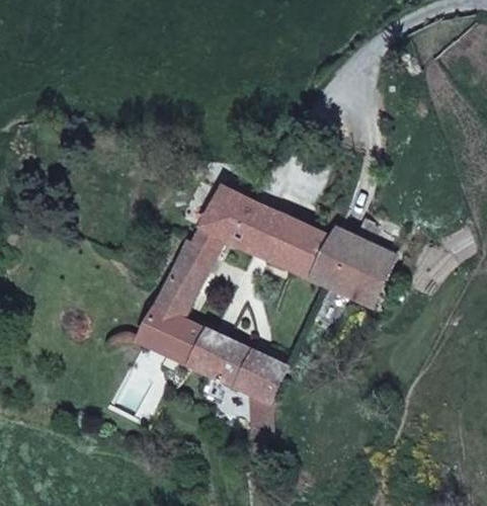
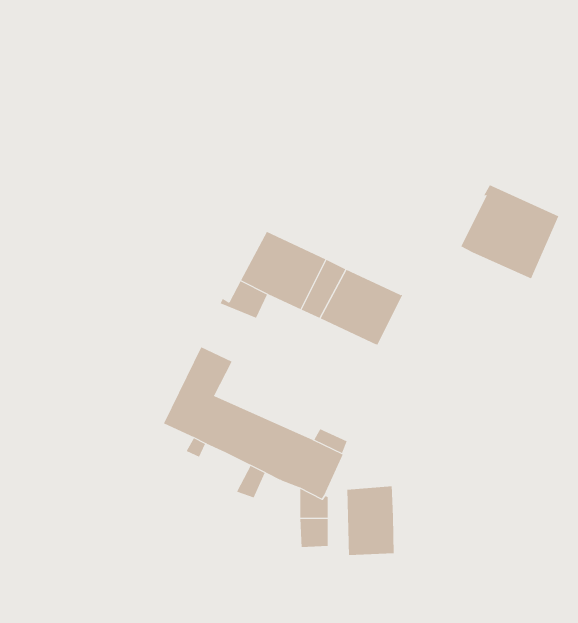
building: [312,228,391,304] -> [461,184,559,279]
building: [170,244,215,290] -> none
building: none -> [347,485,394,556]

